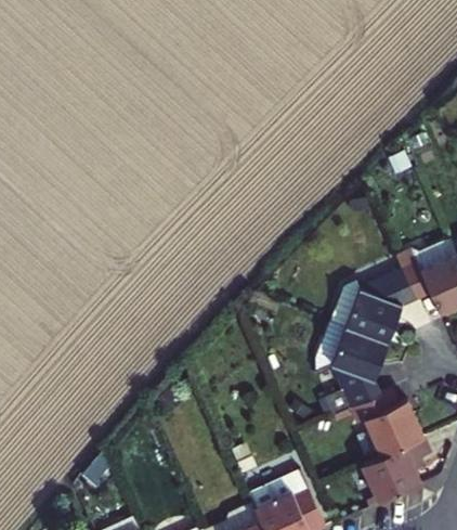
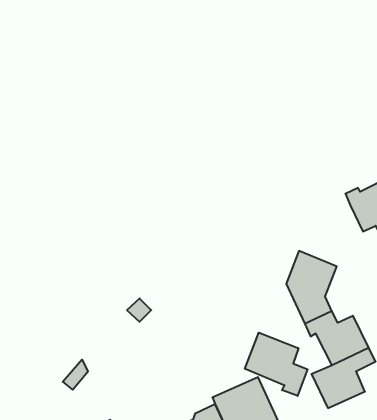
building: [344,276,416,345] -> none
building: none -> [245,333,308,396]

